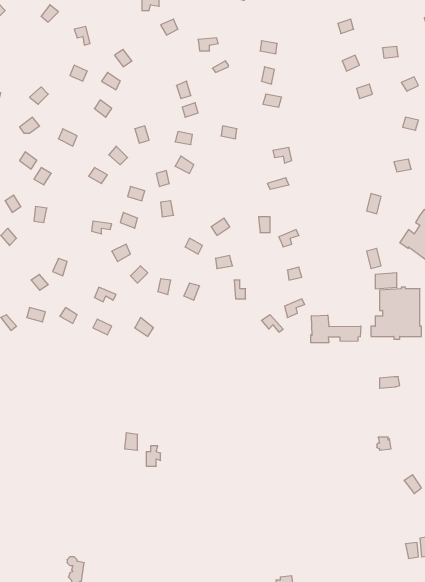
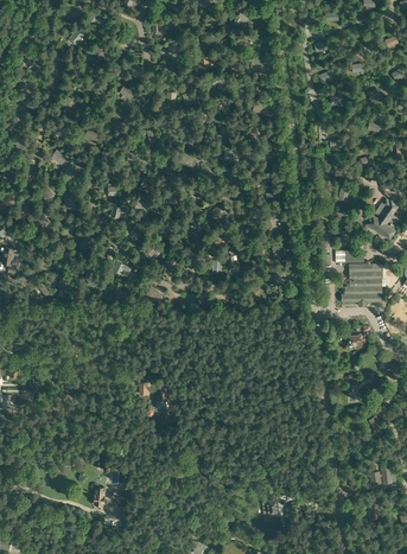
building: [311,315,361,343] -> none

